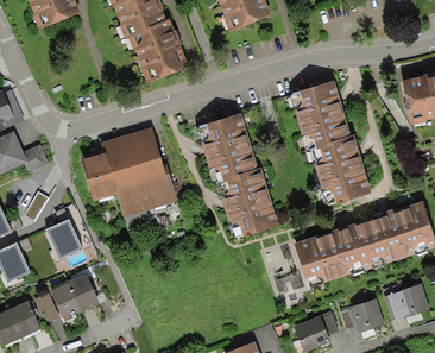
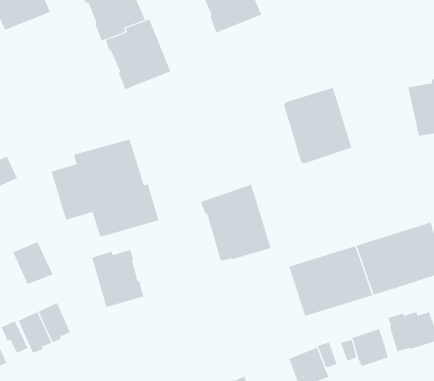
building: [196,113,258,184] -> none
building: [308,134,371,204] -> none
building: none -> [91,249,144,308]

